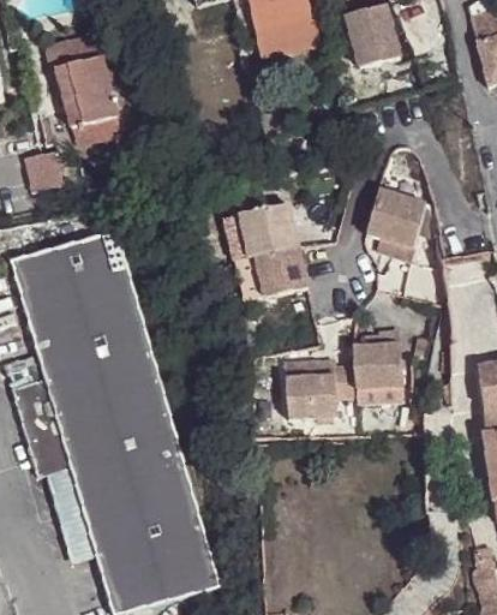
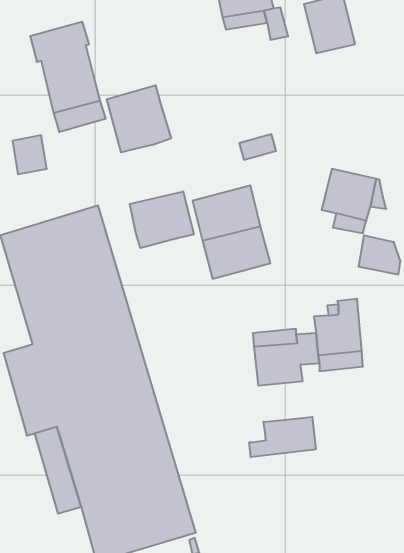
building: none -> [107,85,171,152]
building: none -> [130,191,194,248]
building: none -> [249,417,316,457]

